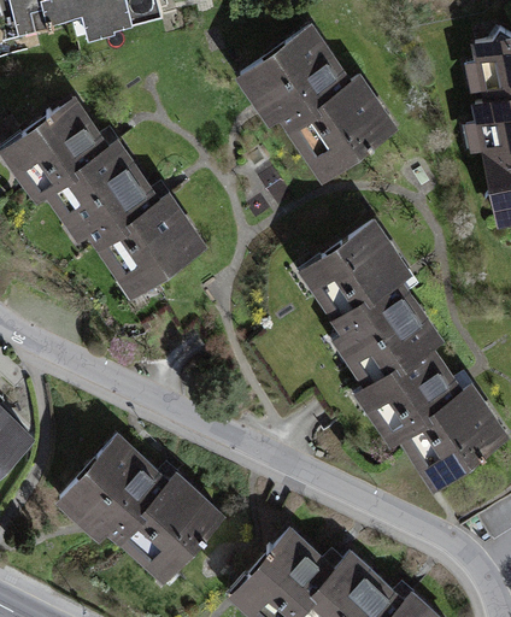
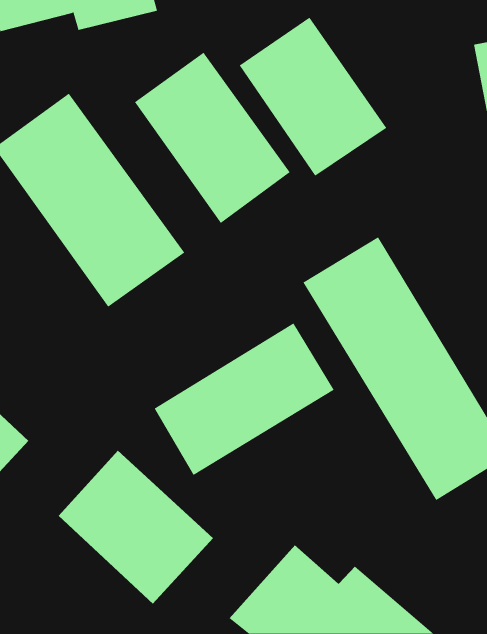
building: none -> [134,52,290,224]
building: none -> [154,323,335,476]

